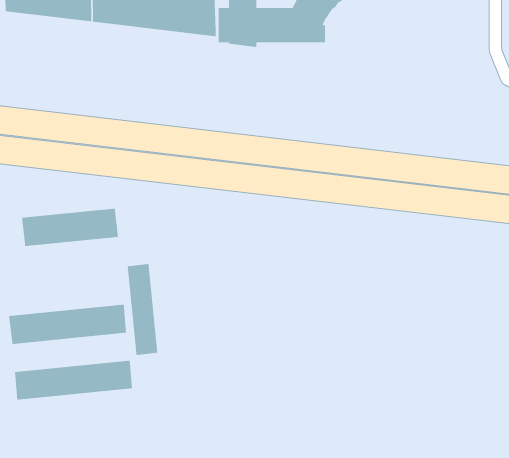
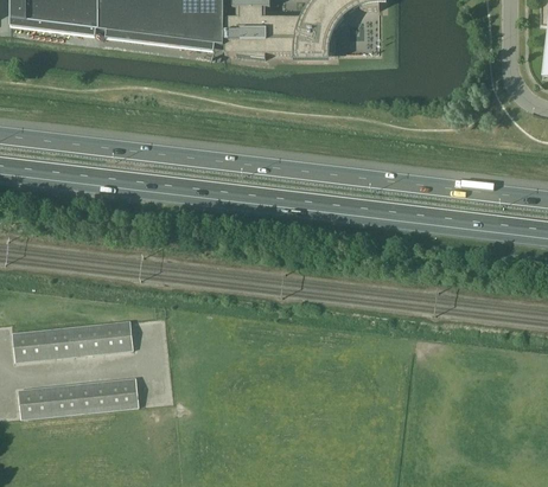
building: [21,208,119,247] -> none
building: [127,263,158,356] -> none

